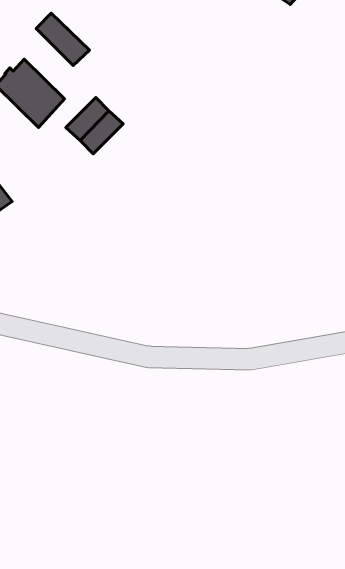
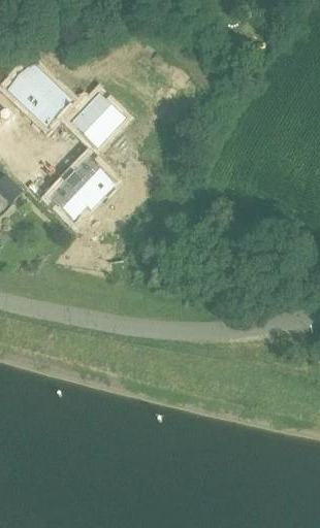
building: [36,13,89,66] -> none
building: none -> [53,158,111,216]

